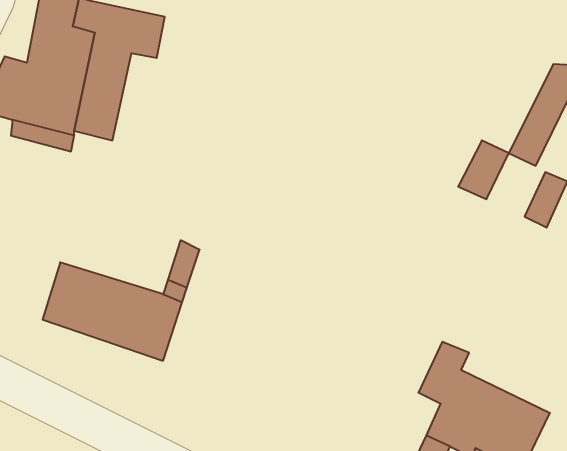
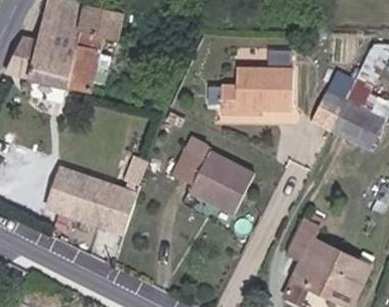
building: none -> [221,69,292,113]
building: none -> [330,100,367,140]
building: none -> [173,148,253,215]

